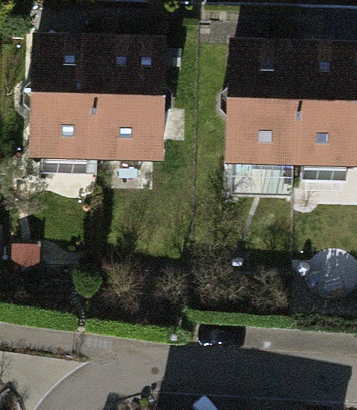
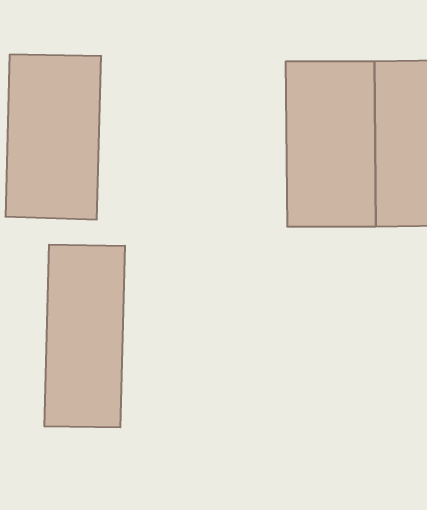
building: [98,46,165,165] -> none
building: none -> [44,245,125,427]

